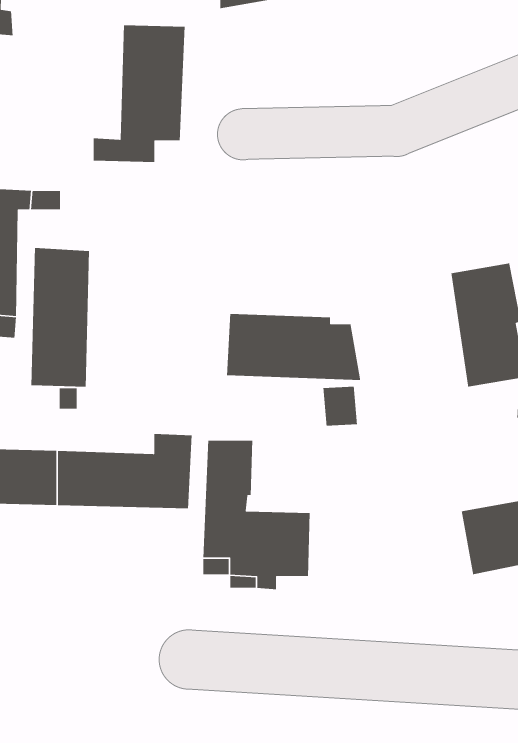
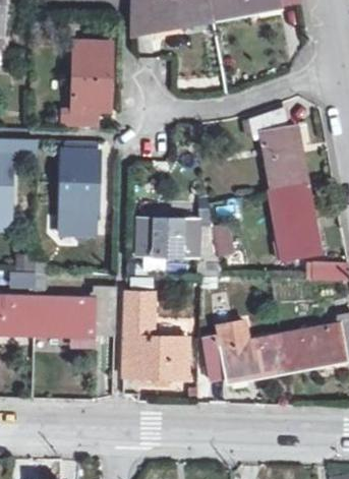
building: none -> [241,109,307,192]
building: [31,247,90,387] -> [61,151,97,235]
building: none -> [203,321,285,378]

